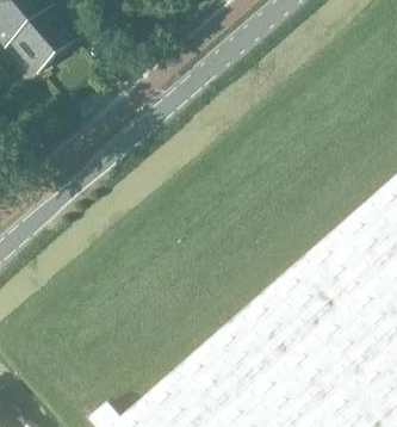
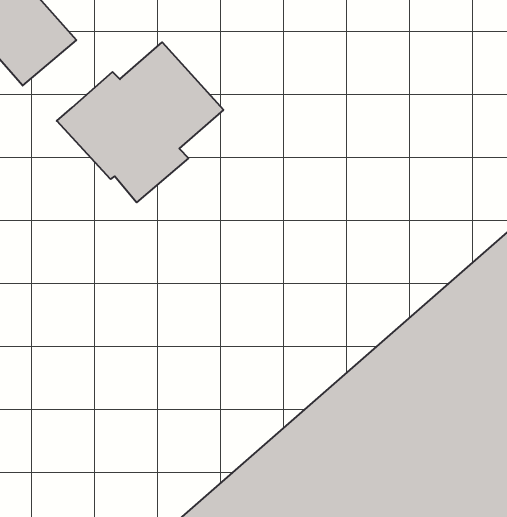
building: none -> [57,42,223,202]

